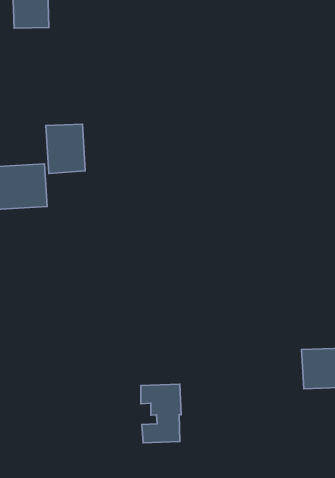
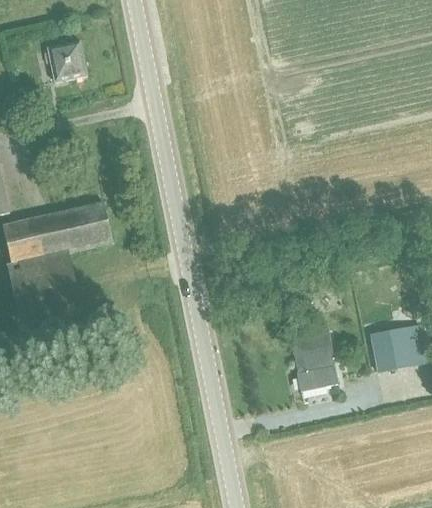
building: [46,124,85,174] -> none
building: [141,384,181,443] -> [290,329,335,389]

